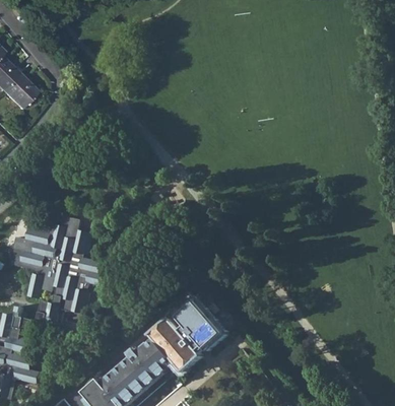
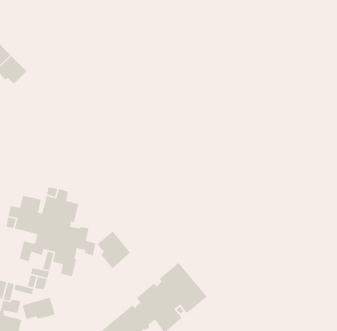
building: none -> [96,231,131,269]
building: none -> [22,297,56,320]

